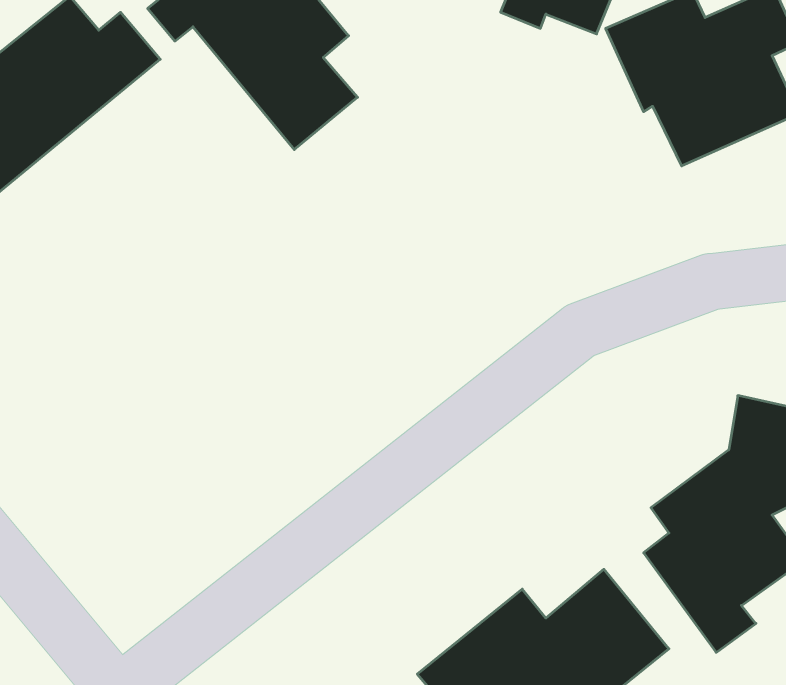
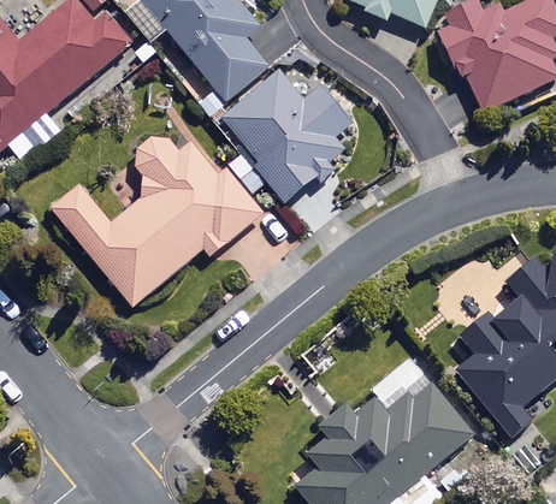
building: none -> [221,71,350,197]
building: none -> [52,131,260,306]

